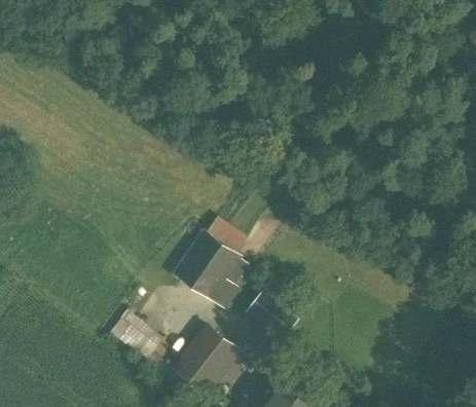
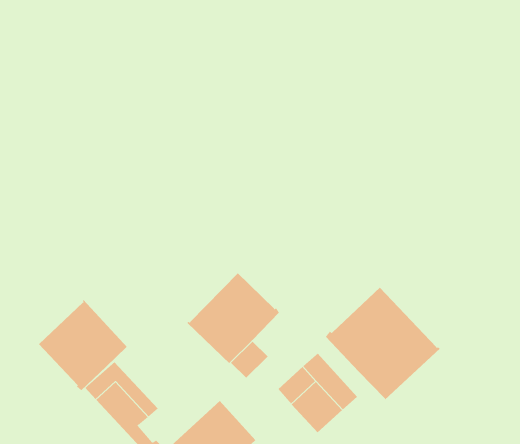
building: [206,216,248,254] -> none
building: none -> [325,287,441,401]
building: none -> [38,299,128,391]

